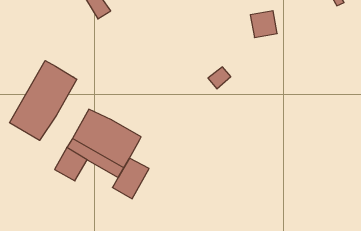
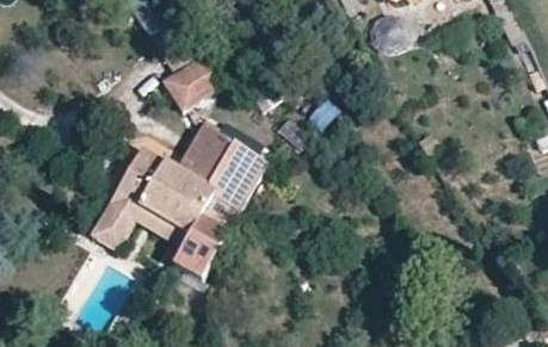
building: none -> [159,61,218,117]
building: [10,61,77,140] -> none
building: none -> [166,134,261,222]

